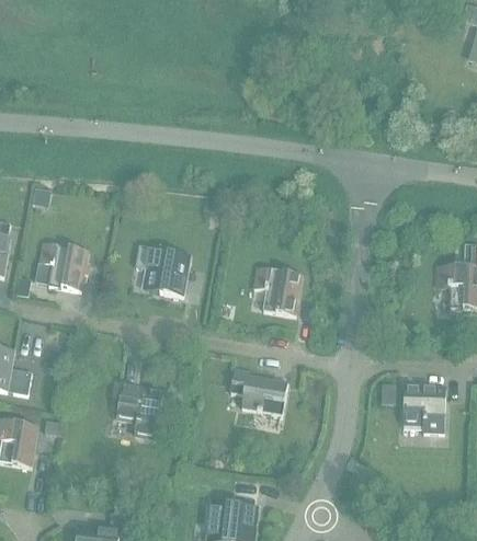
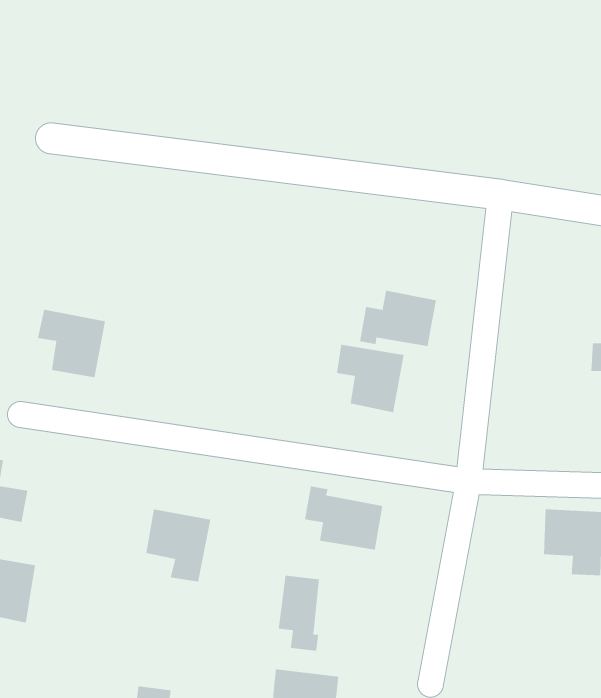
building: none -> [359,290,437,347]
building: [134,244,189,295] -> none
building: none -> [278,575,320,651]

